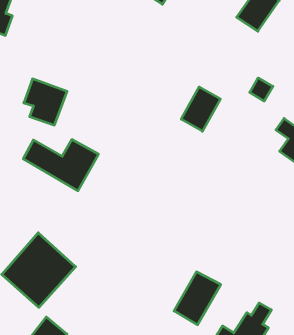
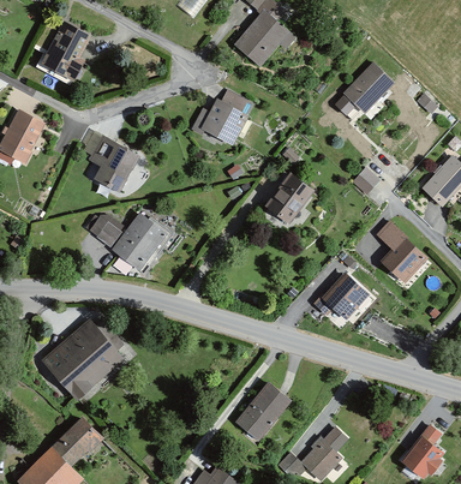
building: none -> [191,92,255,147]
building: none -> [309,273,366,322]

